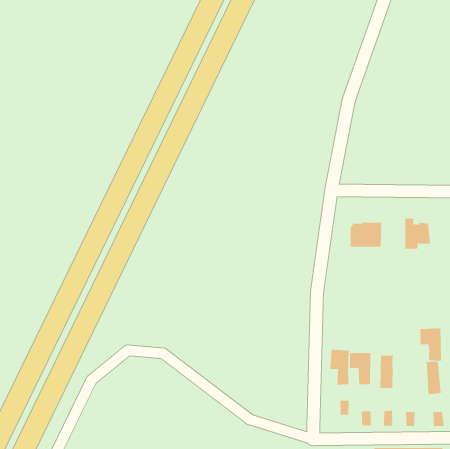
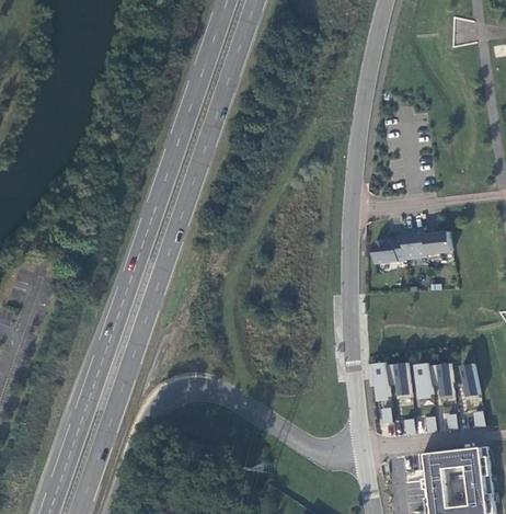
building: none -> [401,227,426,259]
building: [419,328,442,361] -> [428,363,453,396]

